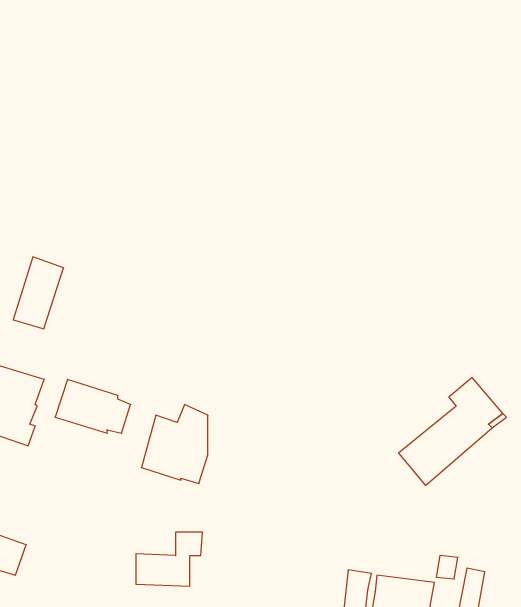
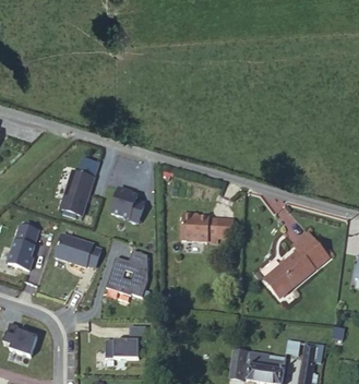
building: [13,257,64,329] -> [63,171,94,215]
building: none -> [110,188,143,223]
building: none -> [181,215,218,241]

